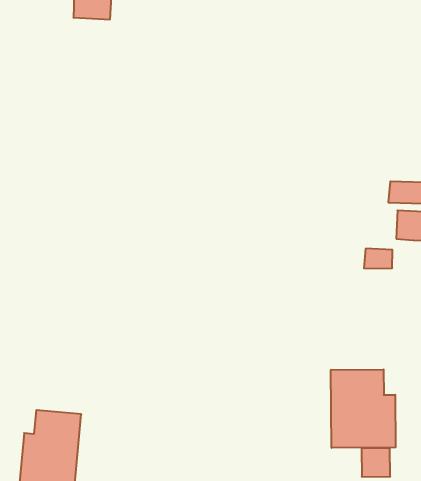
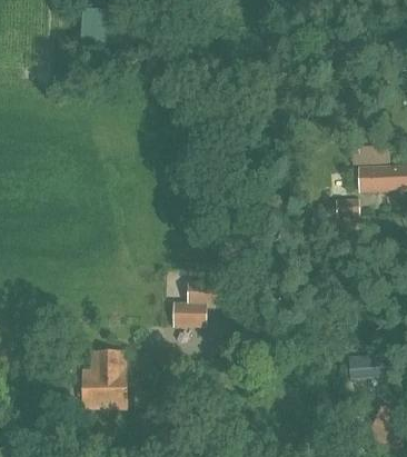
building: none -> [173,280,220,326]
building: [331,369,396,448] -> none

